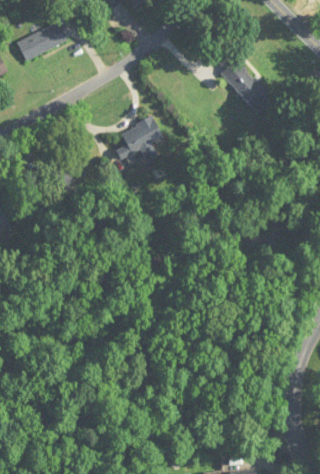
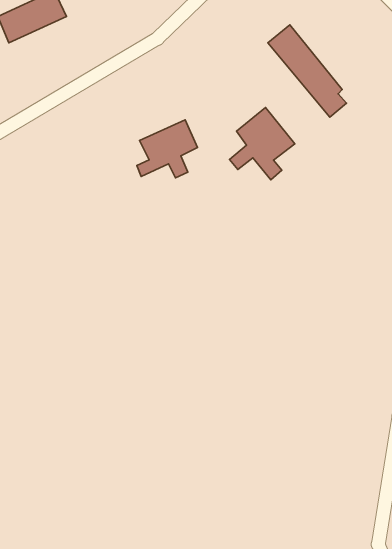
building: none -> [230,107,295,180]

